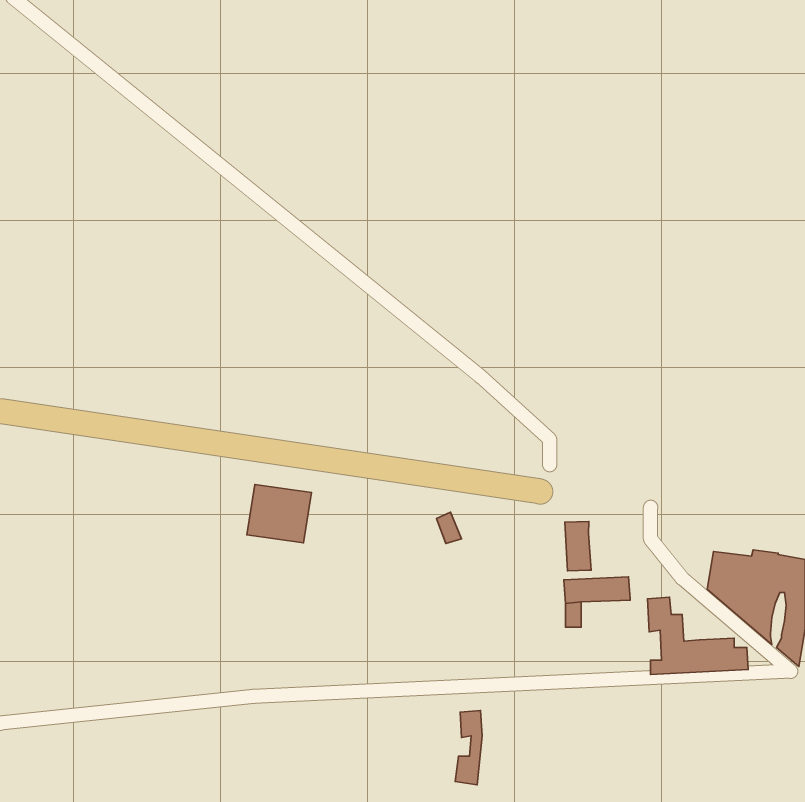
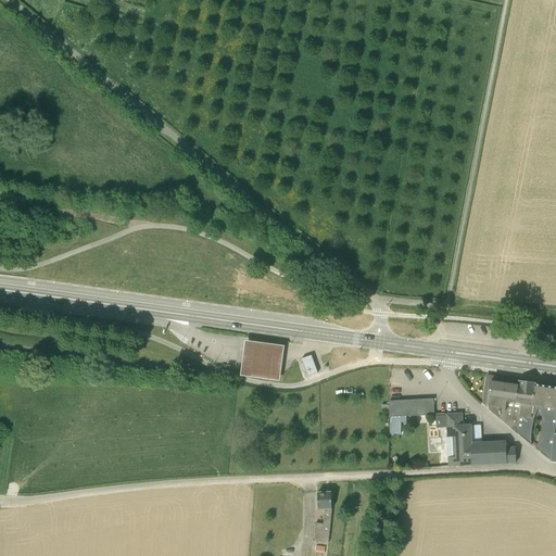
building: [247,485,311,543] -> [240,339,285,379]
building: [565,521,591,571] -> none

